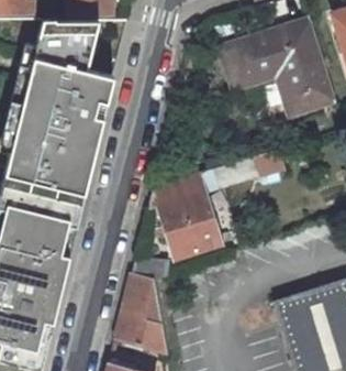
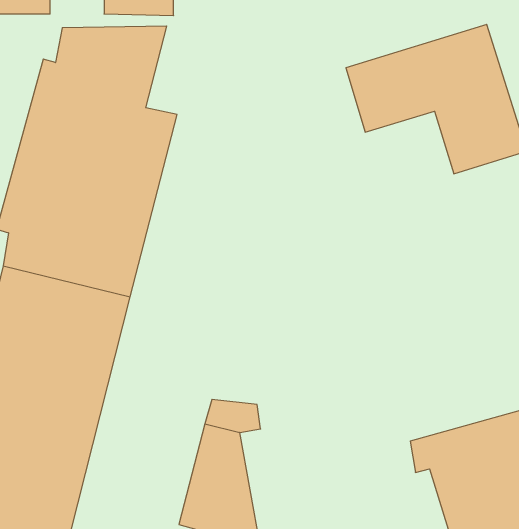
building: [148,156,257,259] -> none

